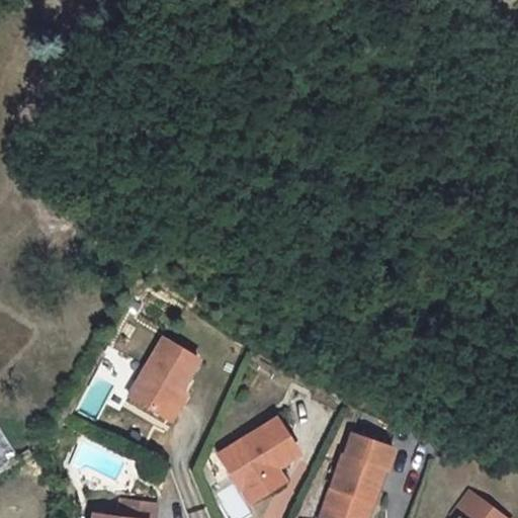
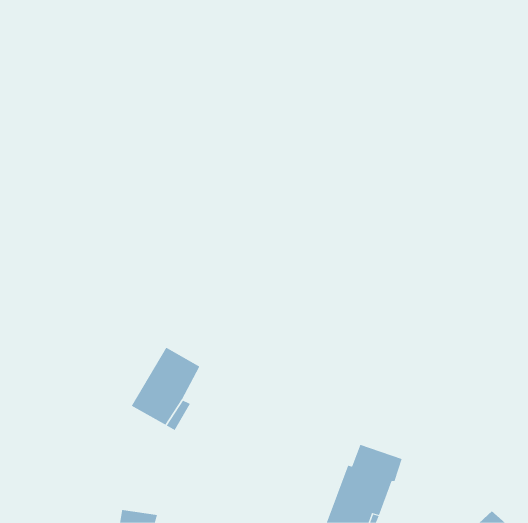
building: [219,422,294,502] -> none

